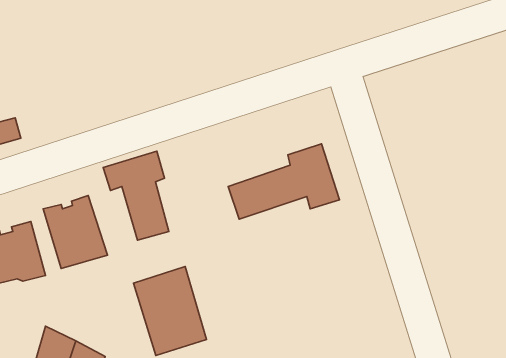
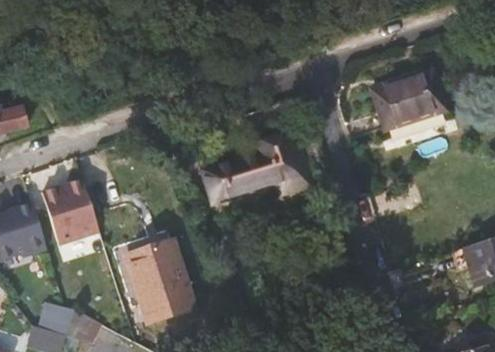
building: none -> [371,70,443,130]
building: [103,151,169,240] -> none

